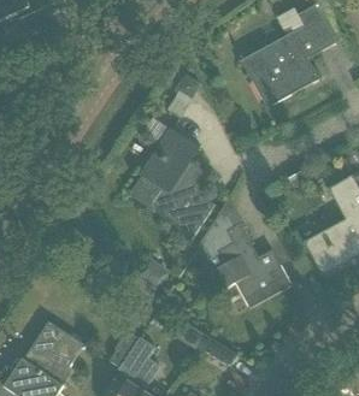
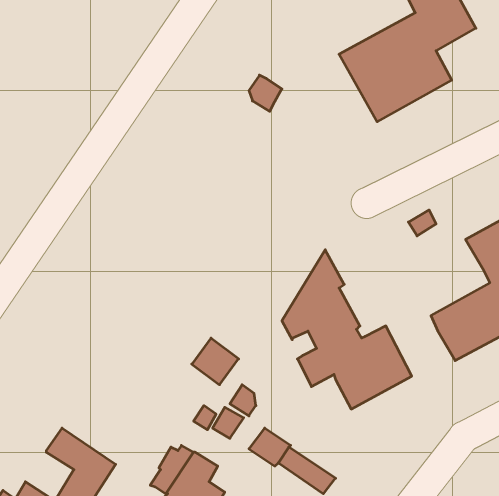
building: [141,128,214,240] -> none

